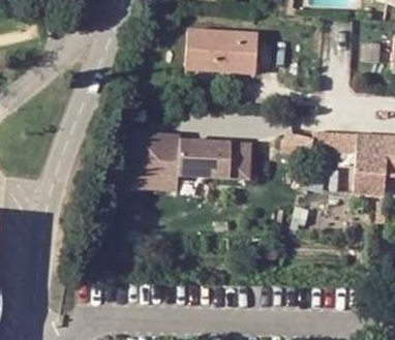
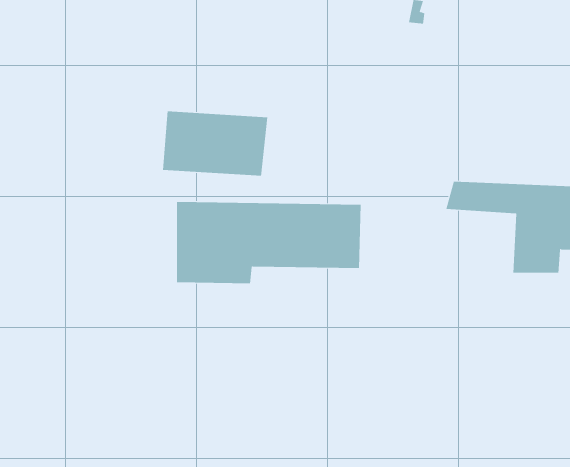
building: [181,18,251,61] -> [162,111,268,176]

